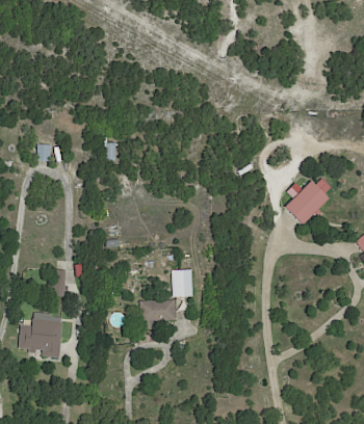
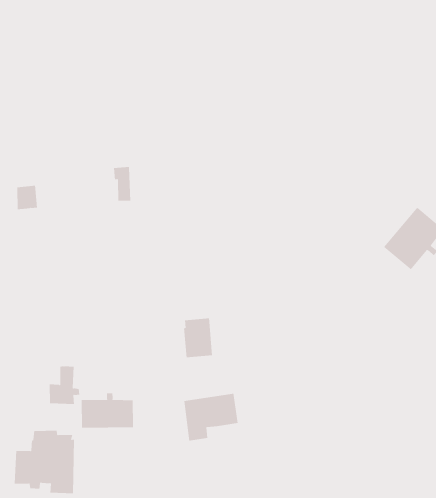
building: [173,271,191,297] -> [183,318,213,358]
building: none -> [81,392,135,429]

